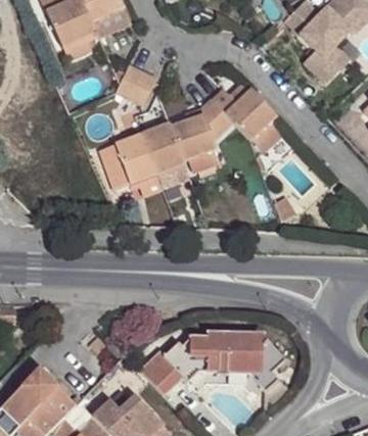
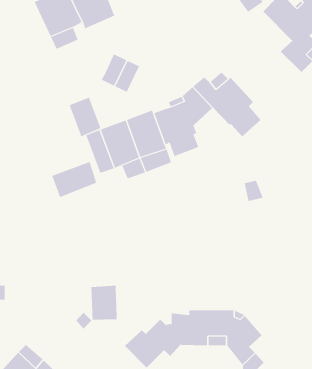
building: none -> [69,97,101,137]
building: none -> [51,161,97,198]
building: none -> [91,285,117,321]

